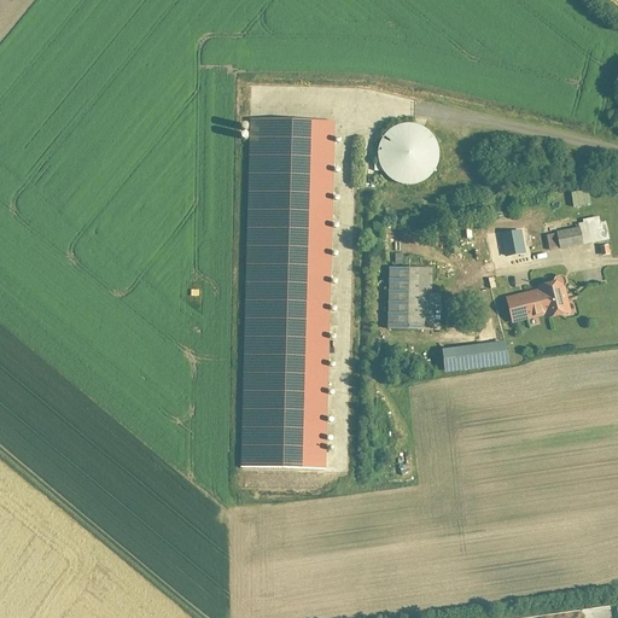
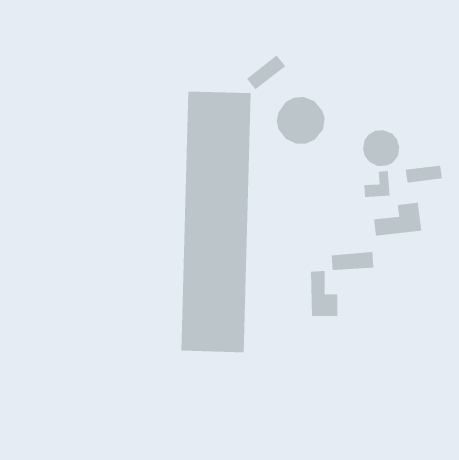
building: none -> [246,54,286,90]
building: none -> [362,130,400,167]
building: [391,261,428,322] -> [310,270,338,316]

